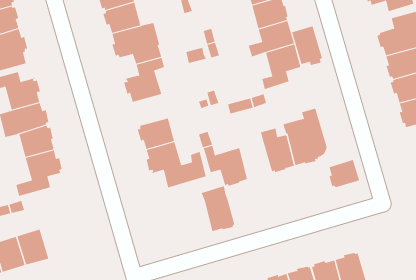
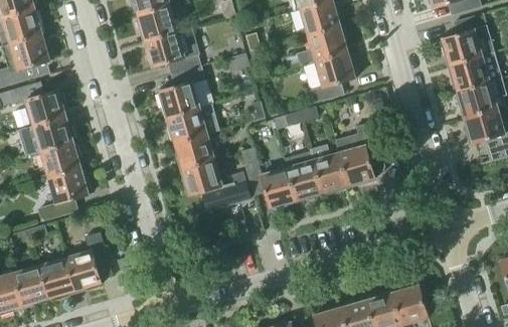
building: [292,25,323,66] -> none
building: none -> [167,105,218,143]
building: [329,159,360,188] -> none
building: [201,186,235,232] -> [284,151,322,202]
building: none -> [64,232,111,291]

